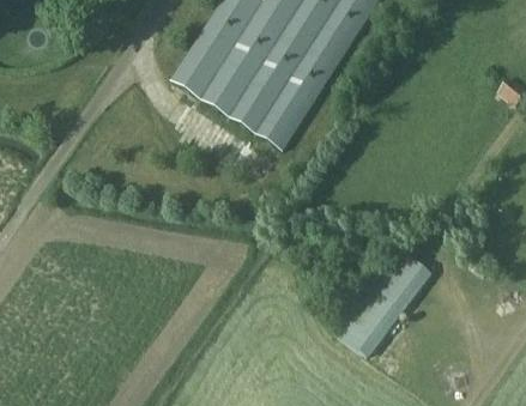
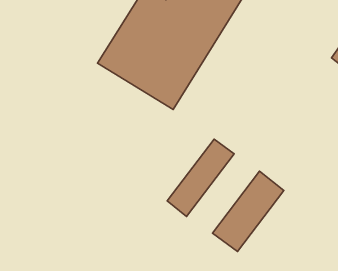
building: none -> [167,139,234,216]

